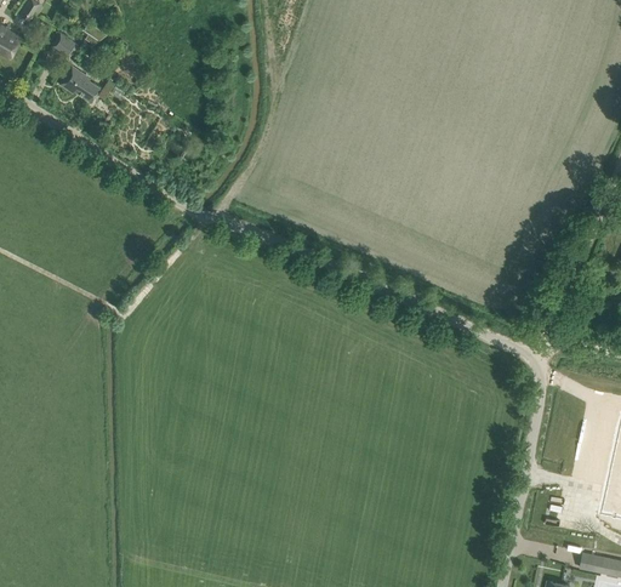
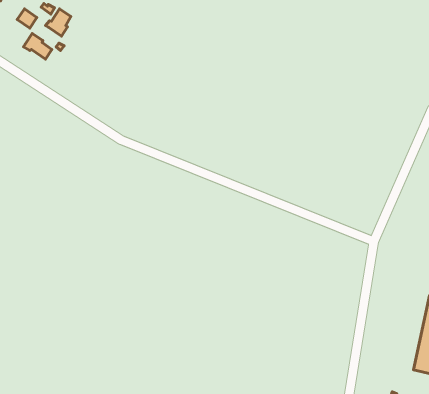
building: none -> [46,9,71,36]

